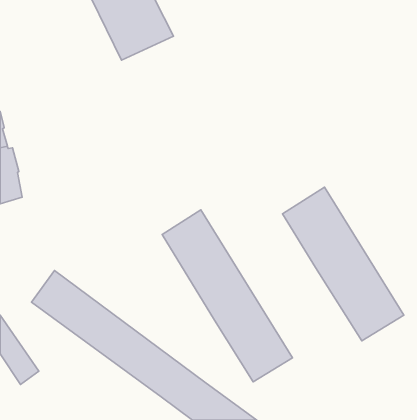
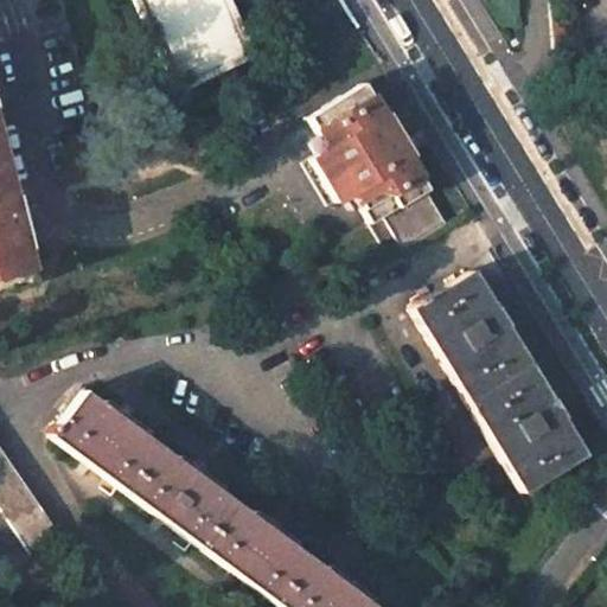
building: none -> [311,78,452,242]
building: [162,210,292,382] -> none

